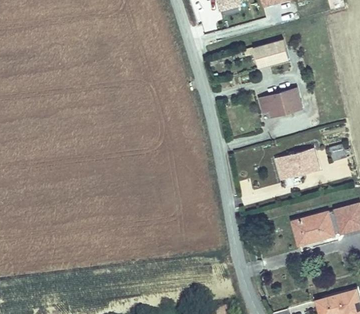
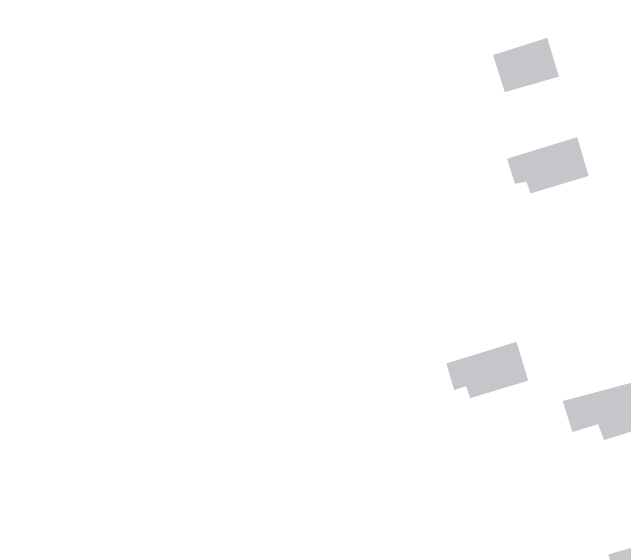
building: [272,146,314,175] -> [445,341,529,399]

